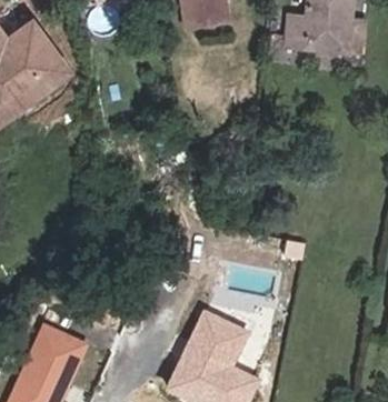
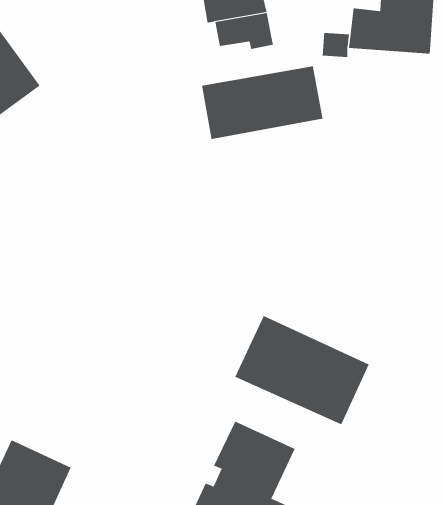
building: none -> [202,66,323,140]
building: none -> [235,315,370,425]

